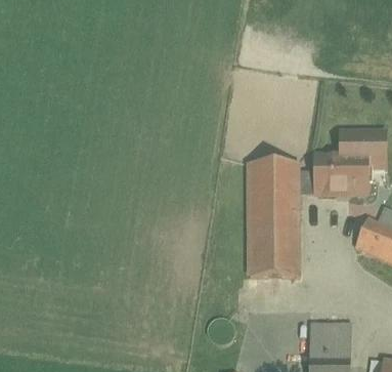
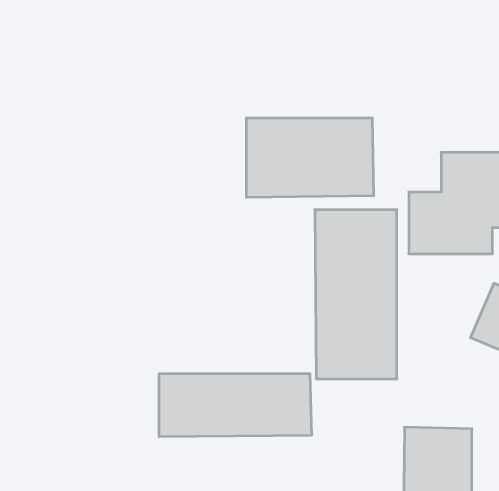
building: none -> [246,118,374,197]
building: none -> [159,374,311,437]

